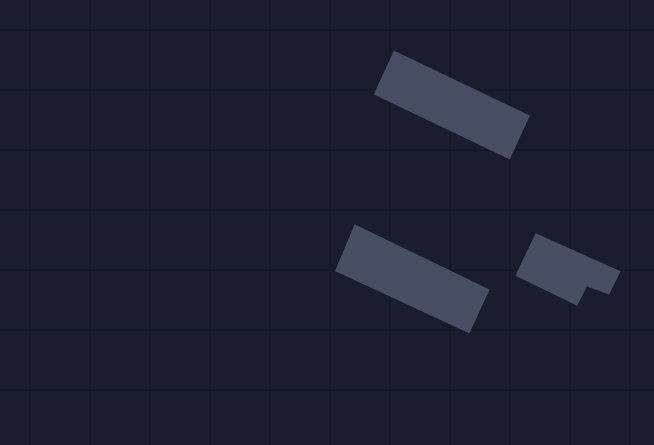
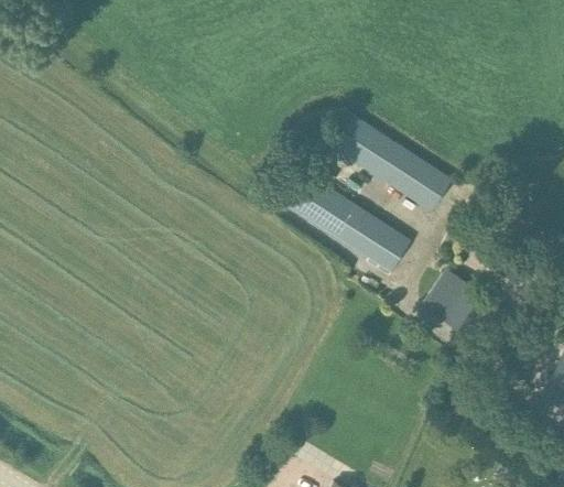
building: [334,224,490,334] -> [291,175,412,274]

